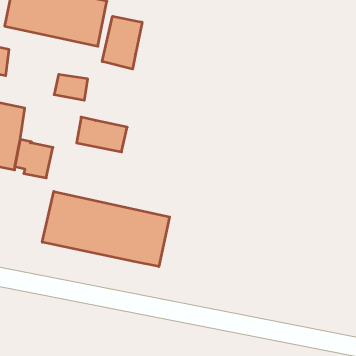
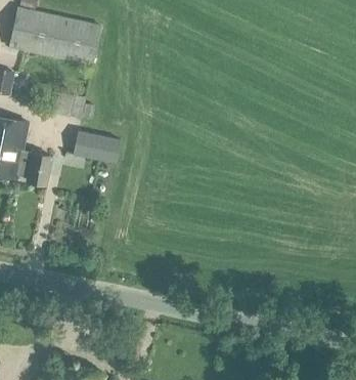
building: [102,16,142,69] -> none
building: [42,191,170,267] -> none

